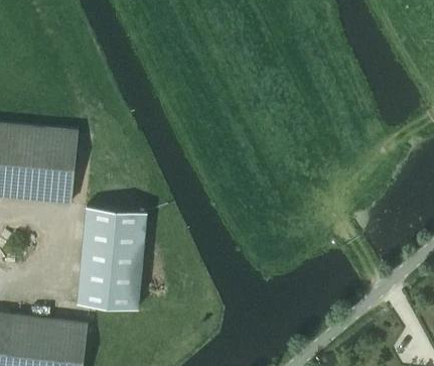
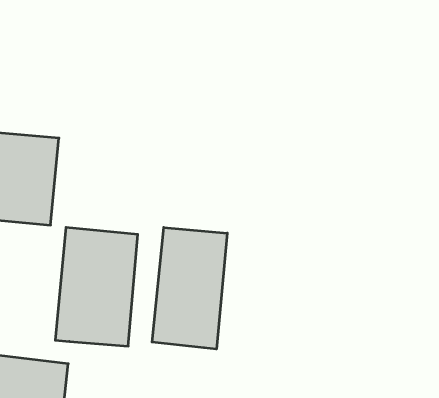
building: none -> [152,227,227,349]

